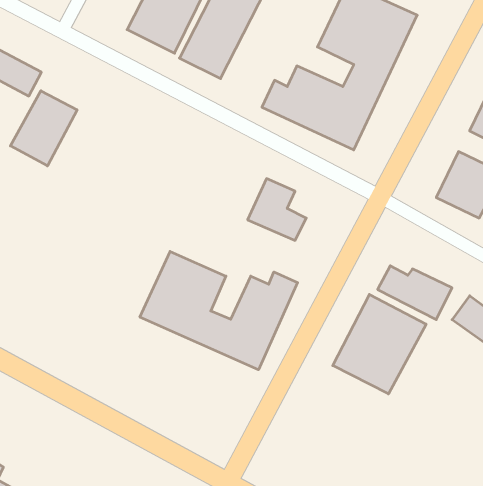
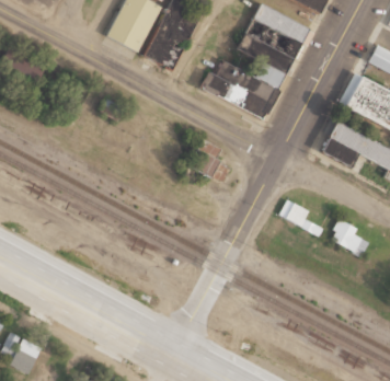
building: [10,91,77,166] -> none
building: [140,251,298,370] -> none
building: [333,294,426,394] -> none

